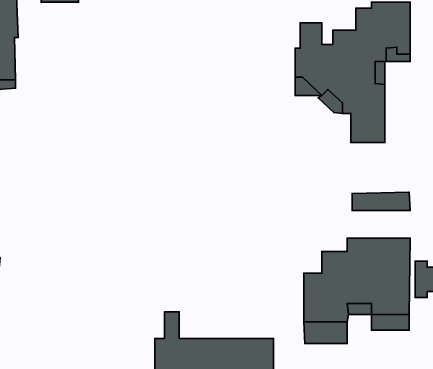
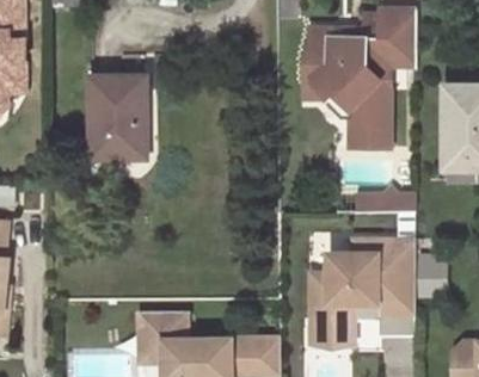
building: none -> [91,75,145,156]
building: none -> [139,311,172,361]

